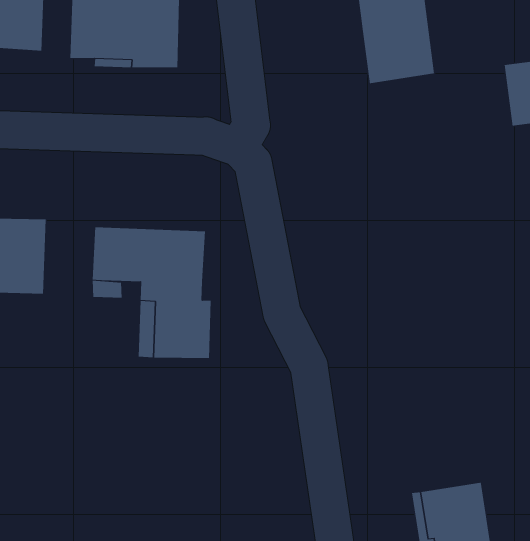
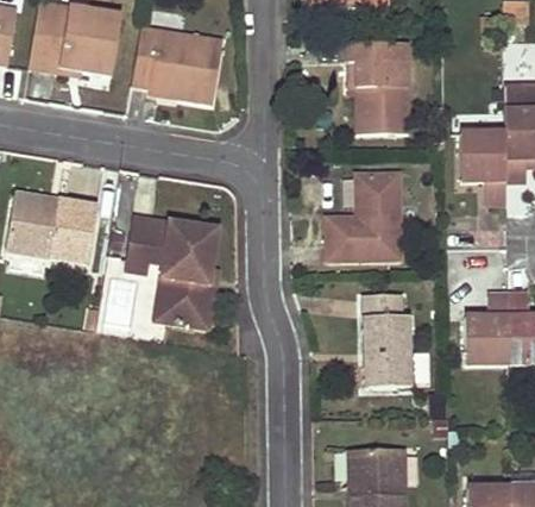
building: none -> [326,173,401,259]
building: none -> [361,294,411,387]

